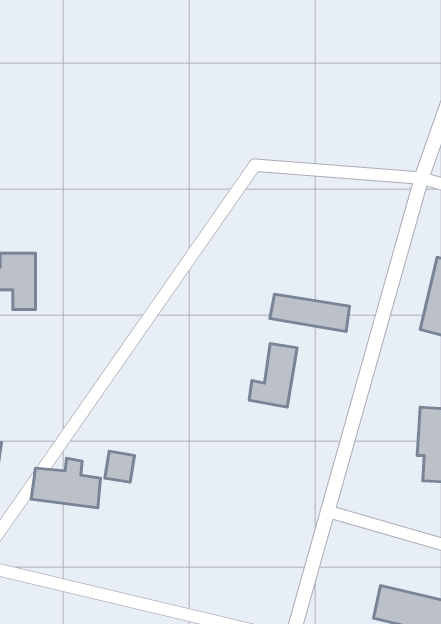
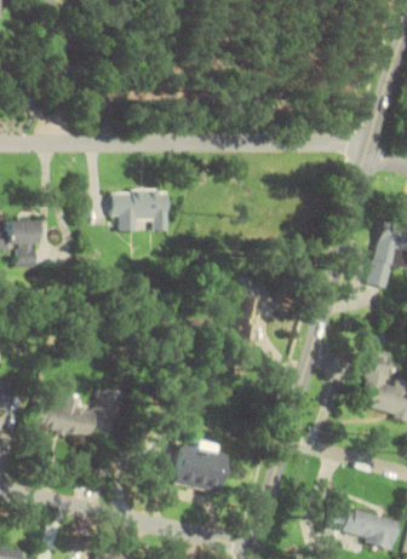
building: none -> [110,190,170,231]
building: [270,294,350,331] -> none
building: none -> [171,445,223,494]

